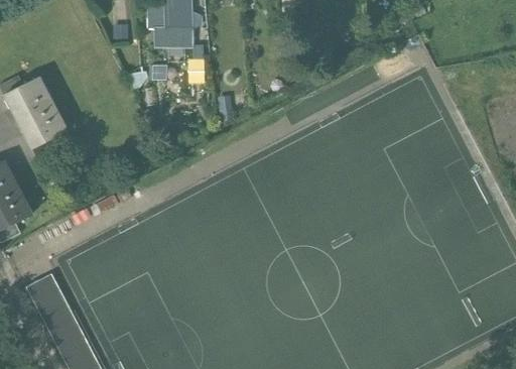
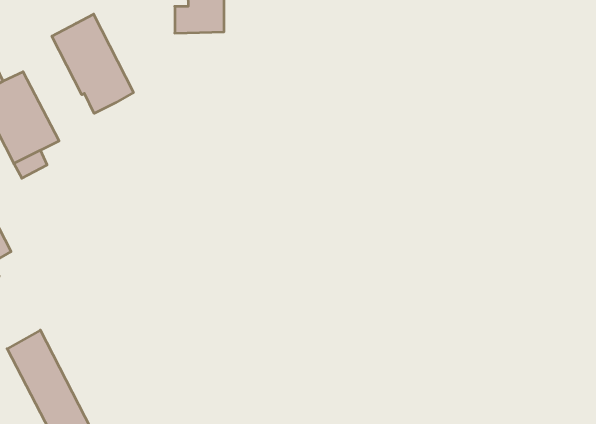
building: none -> [52,14,133,113]

